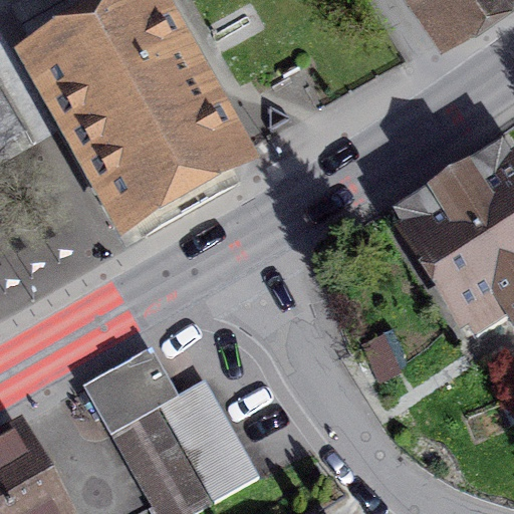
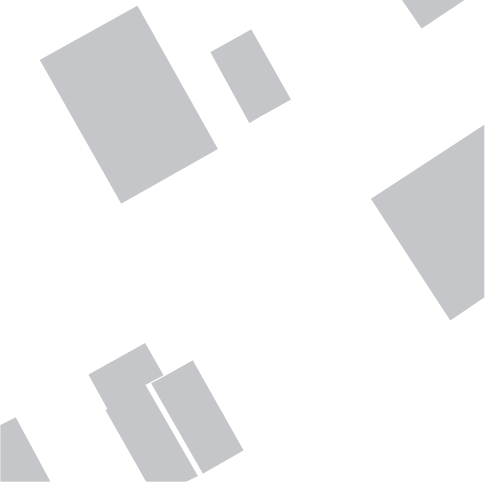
building: none -> [209,28,292,124]

